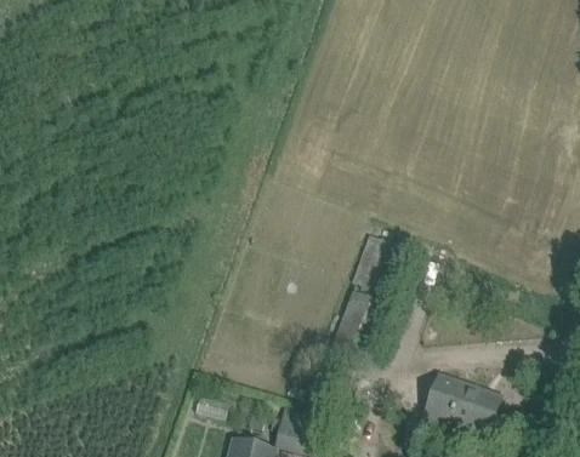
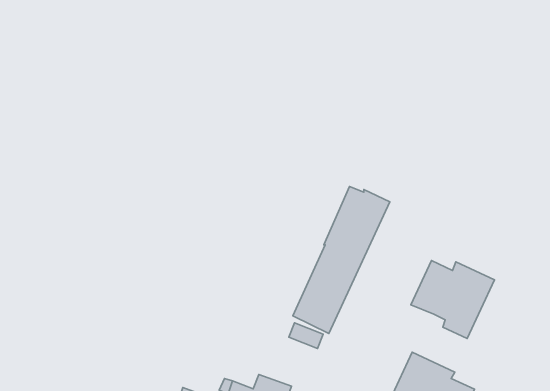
building: none -> [411,261,494,339]

